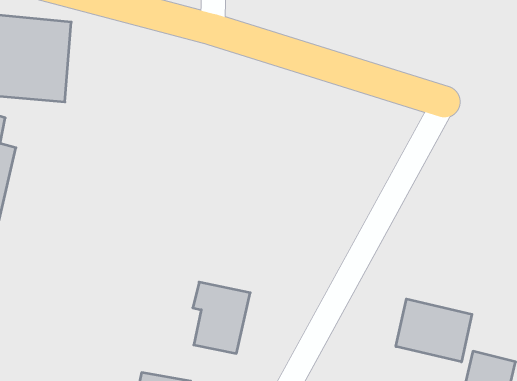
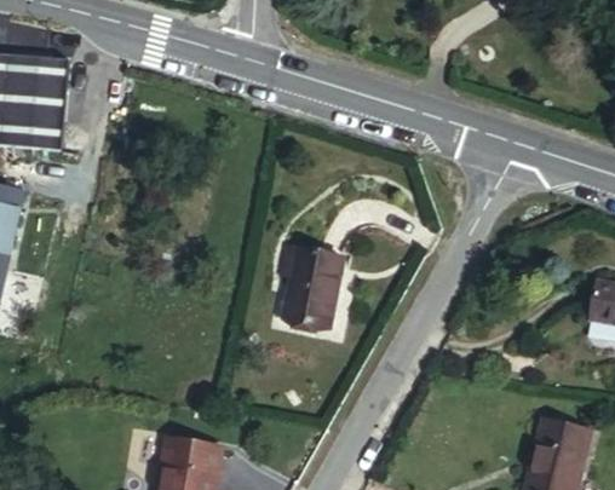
building: [193,282,250,353] -> [282,250,347,332]
building: [396,299,472,362] -> none

